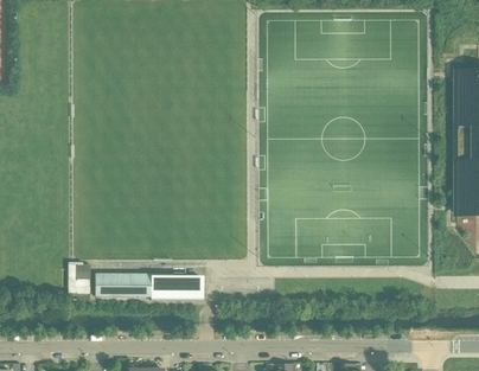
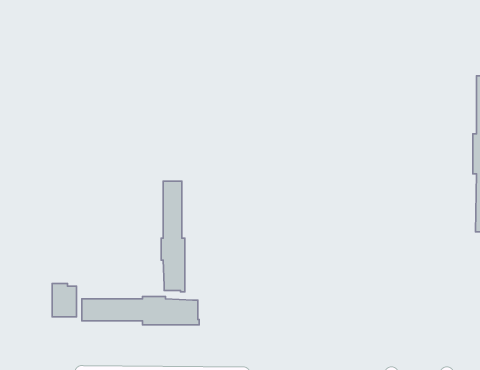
building: none -> [161,181,185,292]

